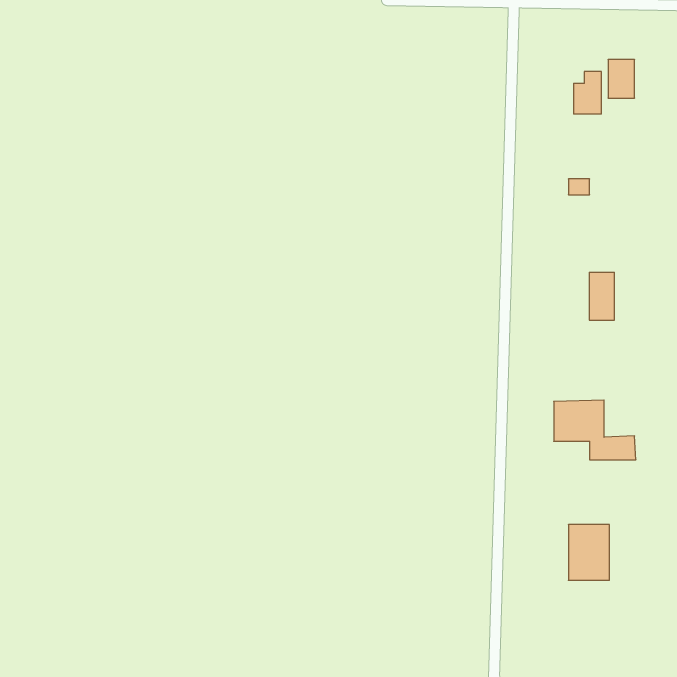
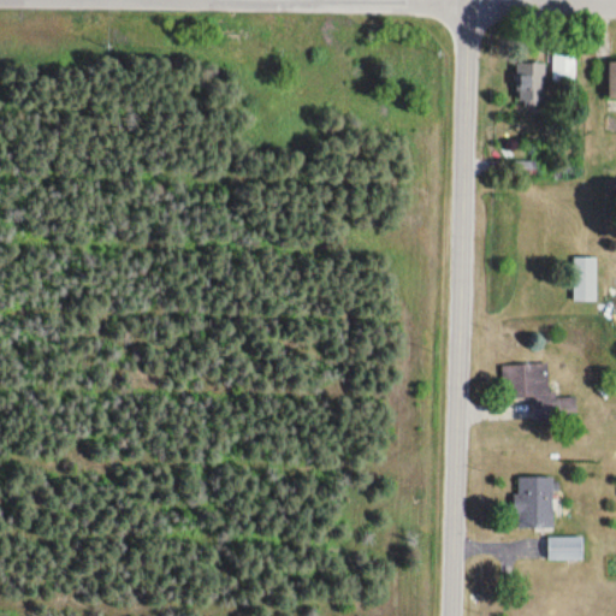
building: [589,272,614,320] -> [573,257,596,301]
building: none -> [549,538,584,561]

